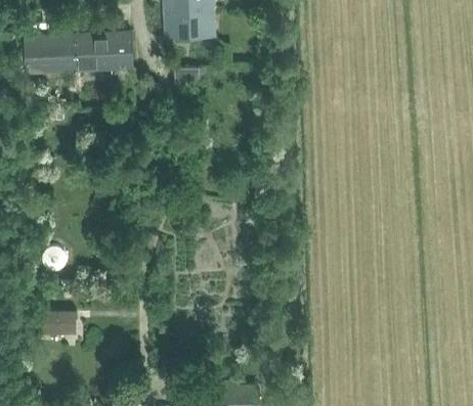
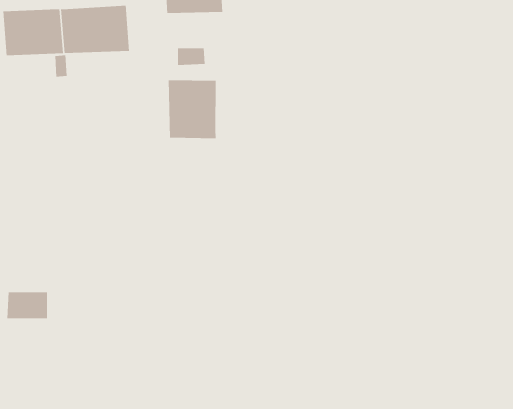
building: none -> [168,79,216,139]
building: [39,312,75,335] -> [7,292,48,319]

